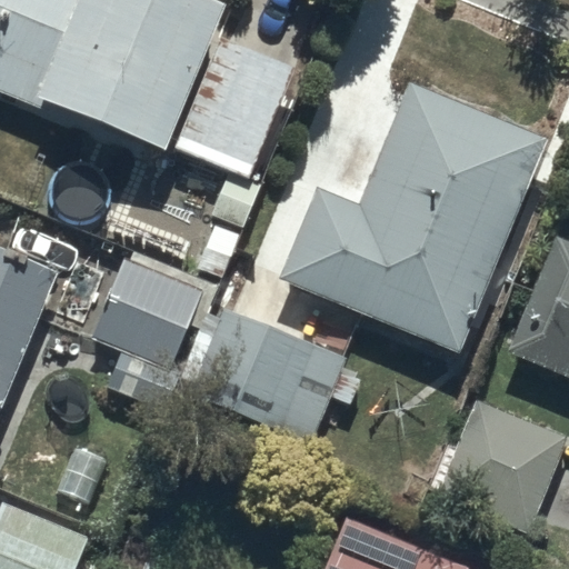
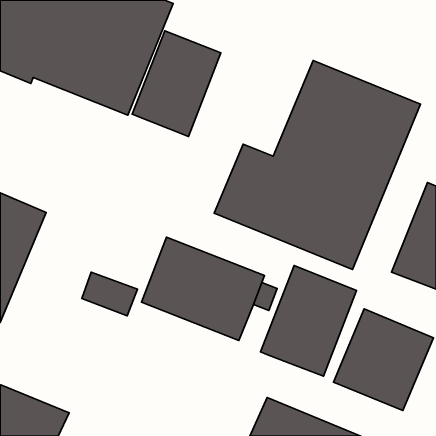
building: [94,258,206,369] -> none
building: none -> [260,265,357,376]

